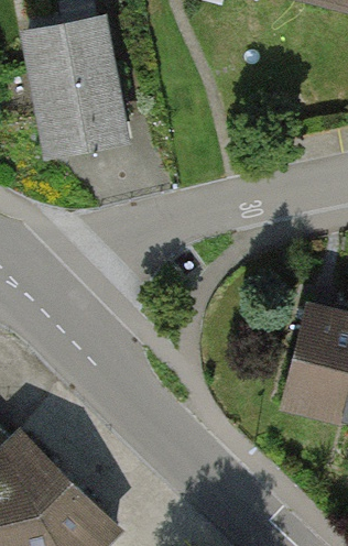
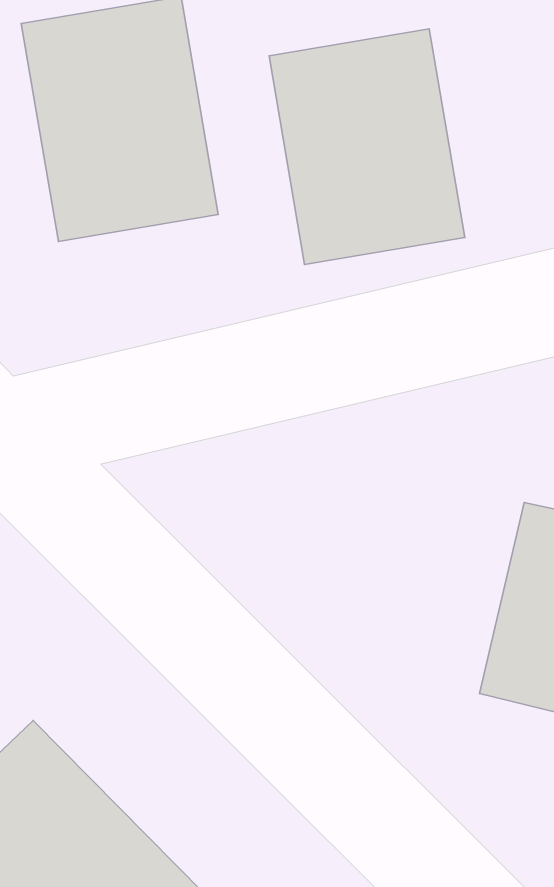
building: none -> [269,29,465,265]

